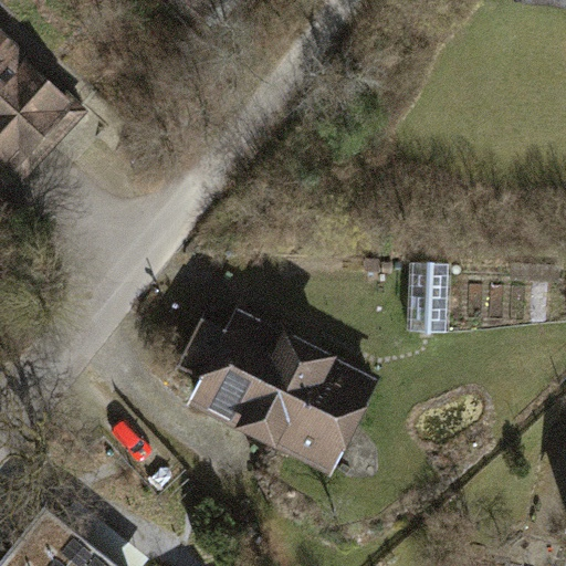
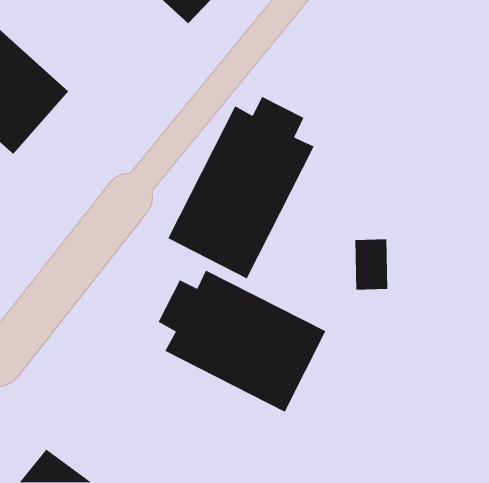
building: none -> [167,96,315,279]

